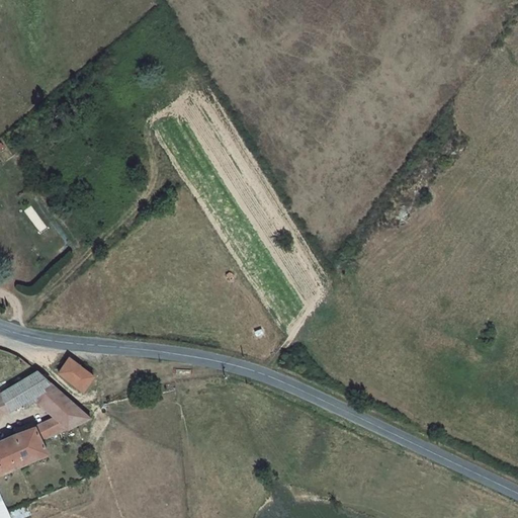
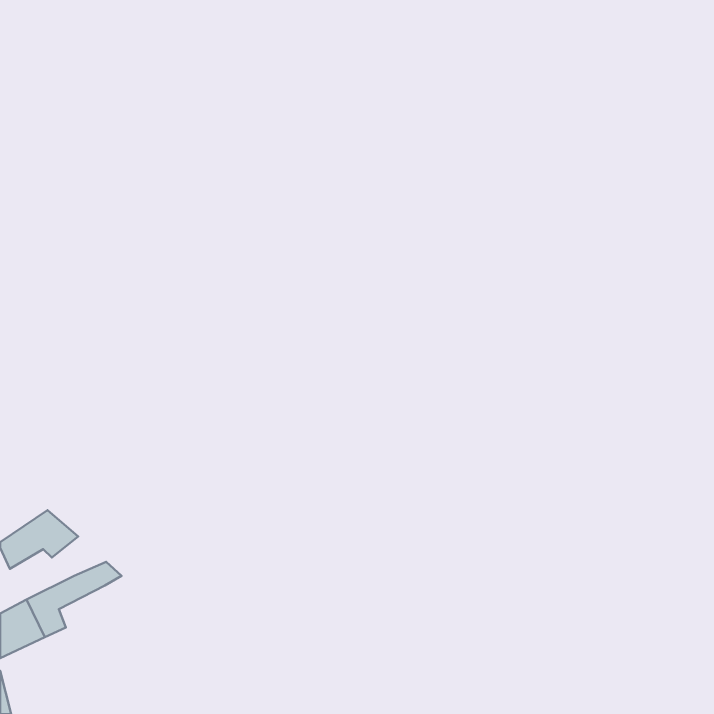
building: [58,358,93,392] -> none
building: [37,388,77,417] -> none

